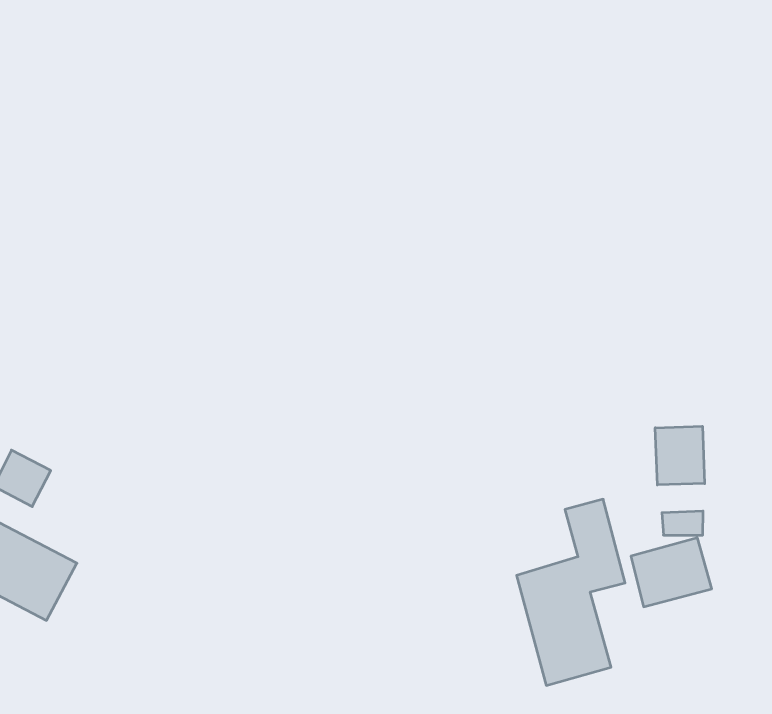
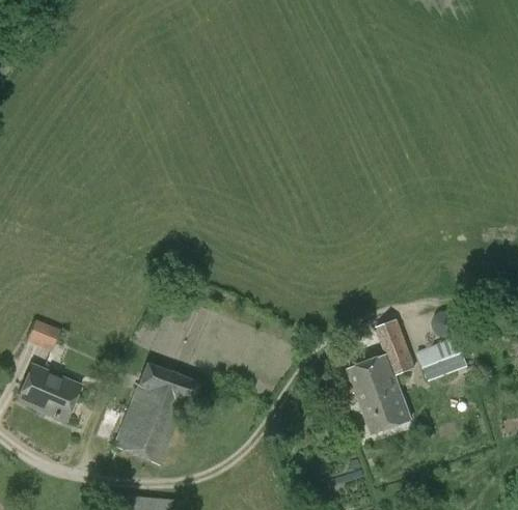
building: [655,426,705,485] -> none
building: none -> [113,361,200,463]

